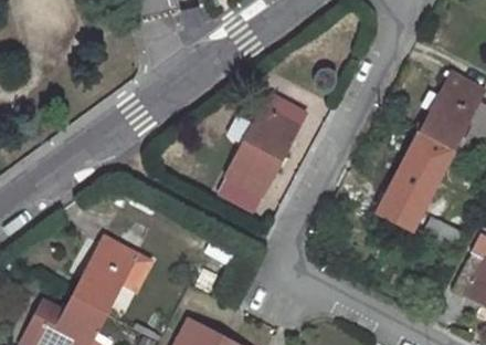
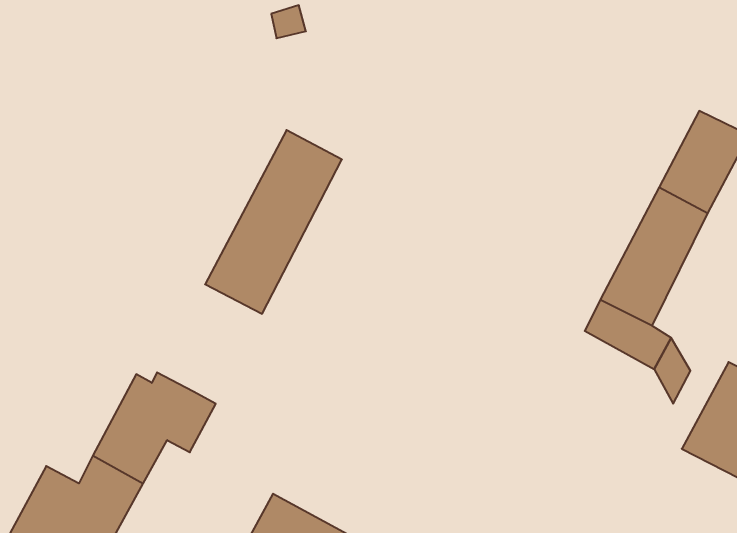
building: [213,98,300,216] -> [205,130,342,314]

